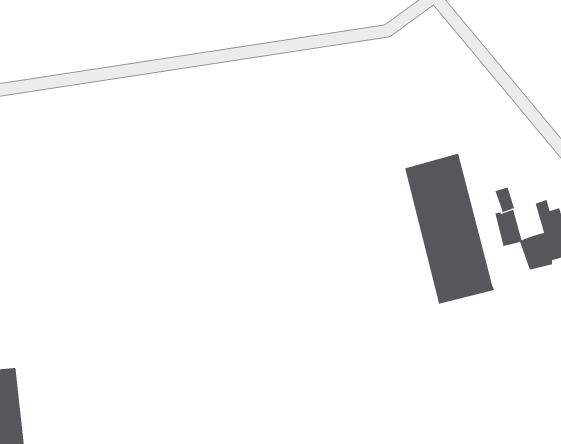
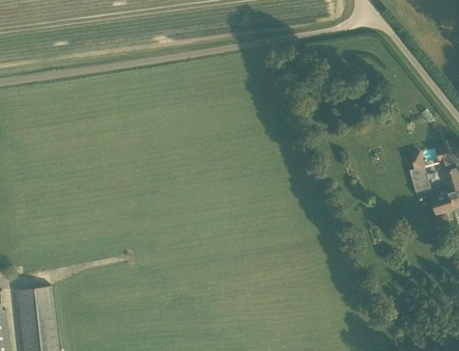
building: [405,153,495,304] -> none

